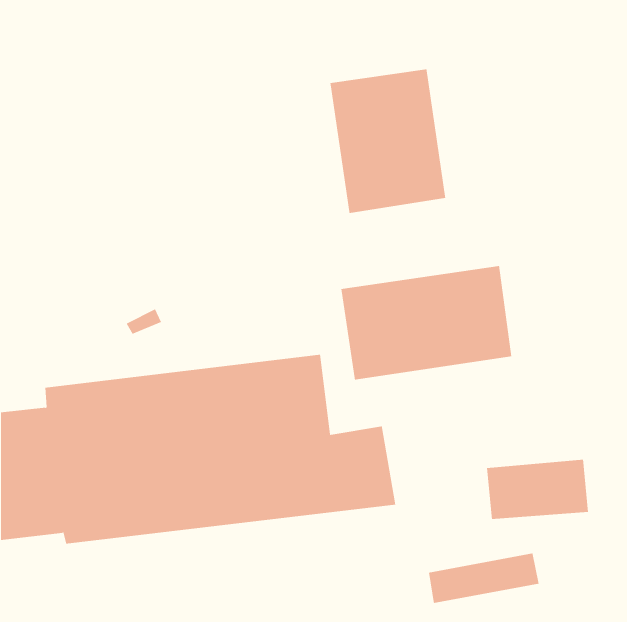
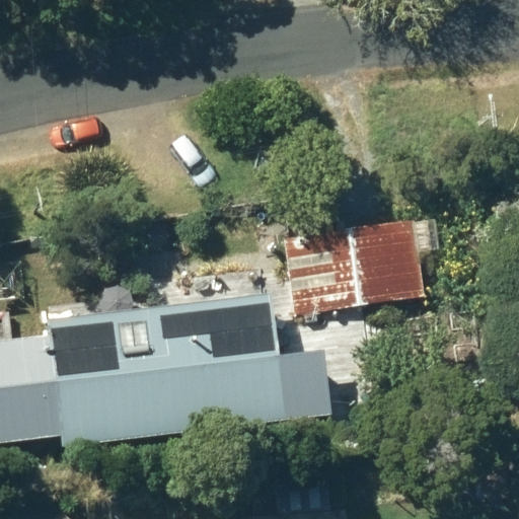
building: [330,68,446,214] -> none

